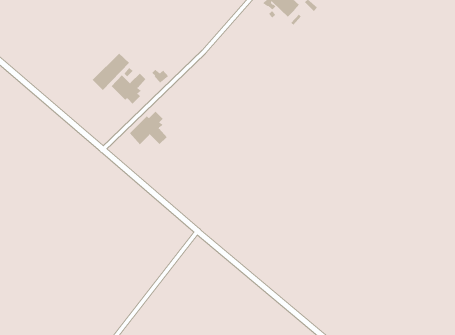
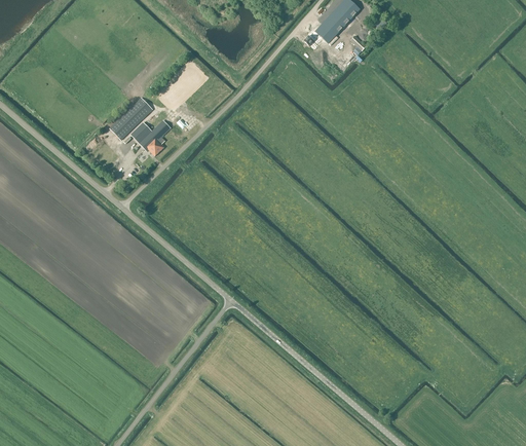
building: [129,111,167,145] -> none

